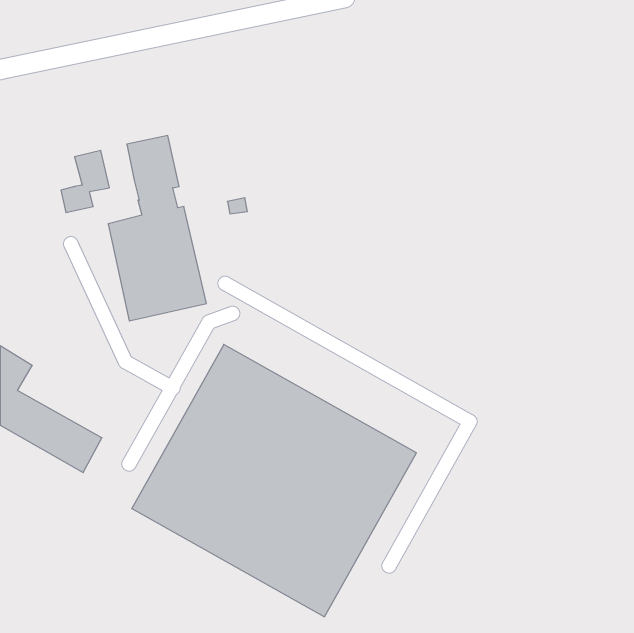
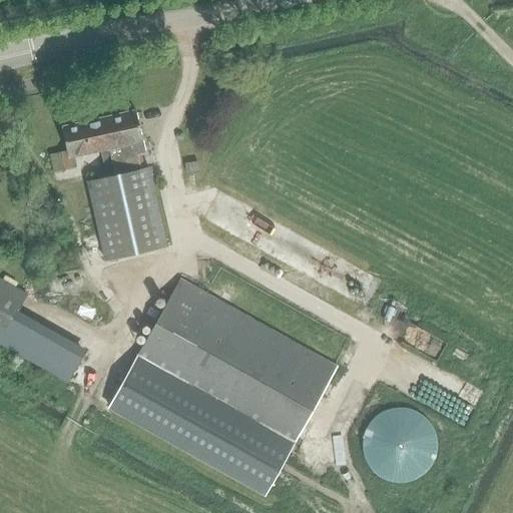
building: none -> [82,116,113,163]
building: none -> [364,406,437,480]

